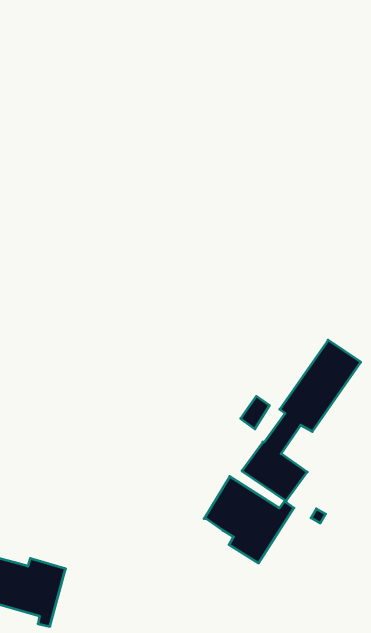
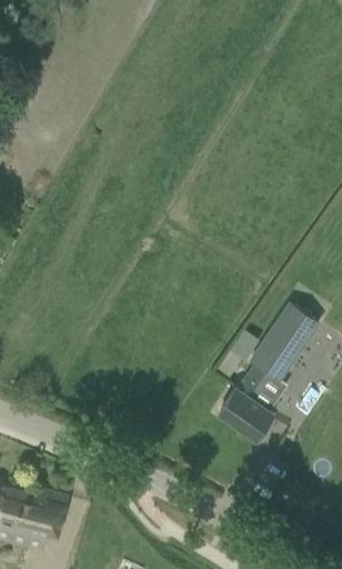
building: [204,476,294,563] -> none

